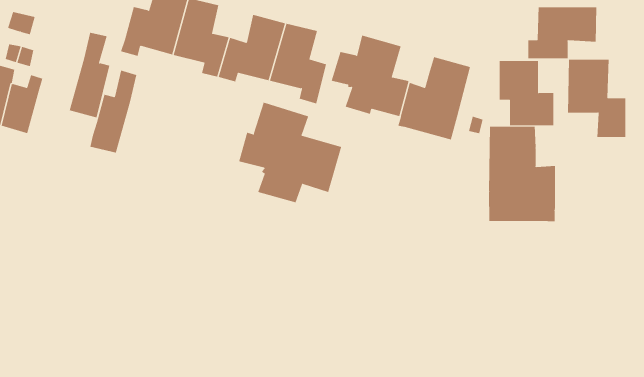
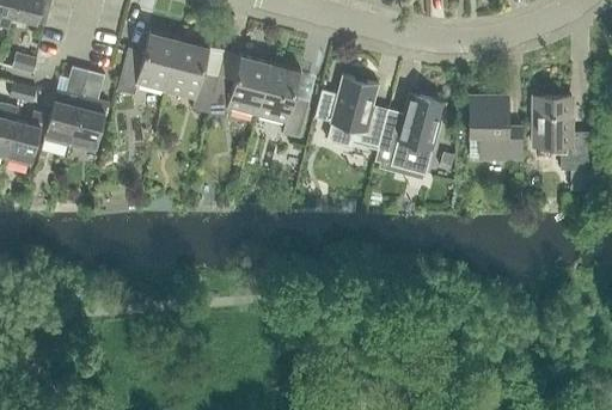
building: [528,6,597,59] -> none
building: [90,70,137,153] -> [43,66,87,143]
building: [238,101,342,203] -> none
building: [489,126,555,222] -> none

